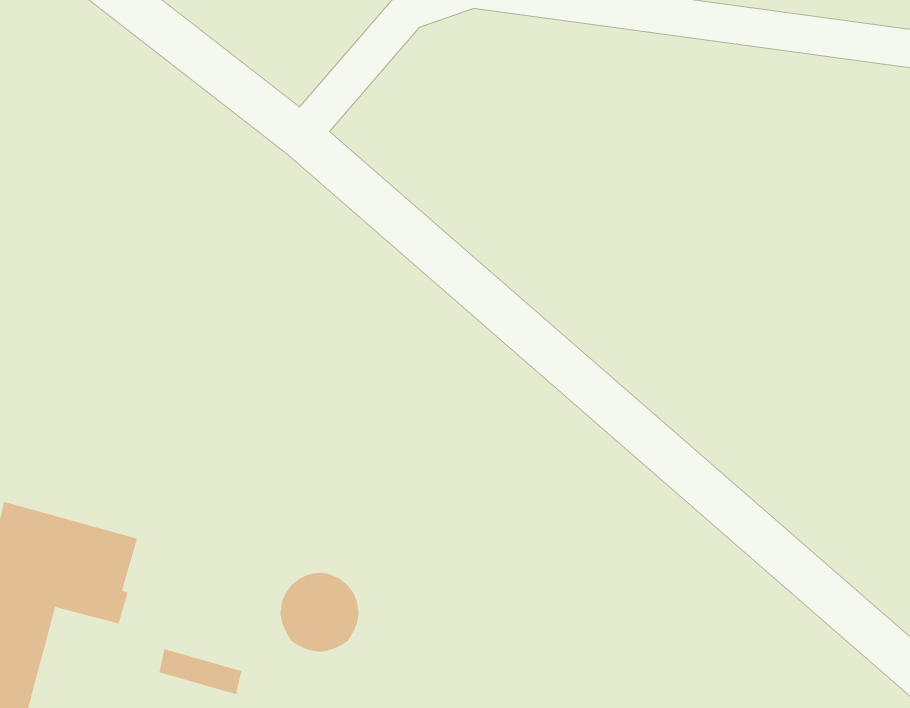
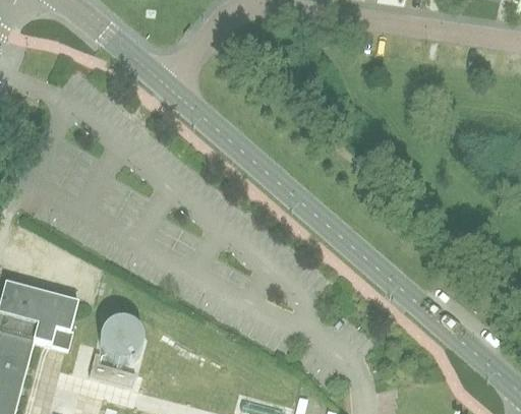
building: [279,572,360,652] -> [99,317,142,361]

